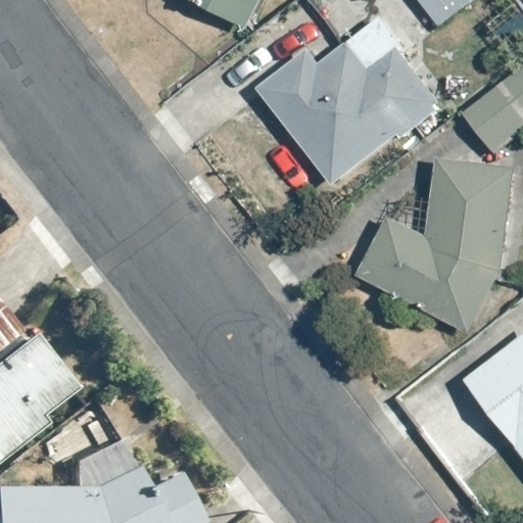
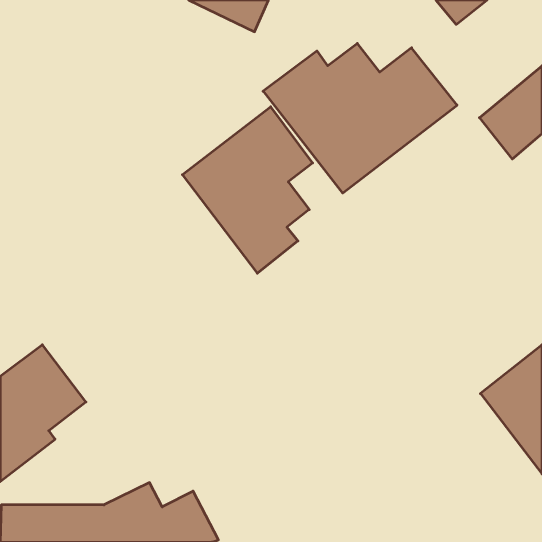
building: none -> [182,107,313,273]
building: [353,158,512,336] -> none

